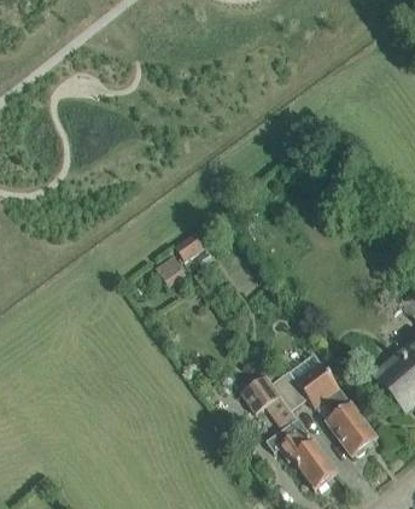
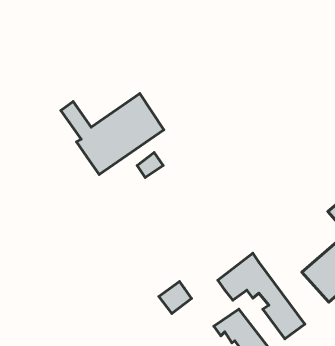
building: none -> [61,94,164,175]
building: [240,378,280,416] -> [159,282,192,314]

